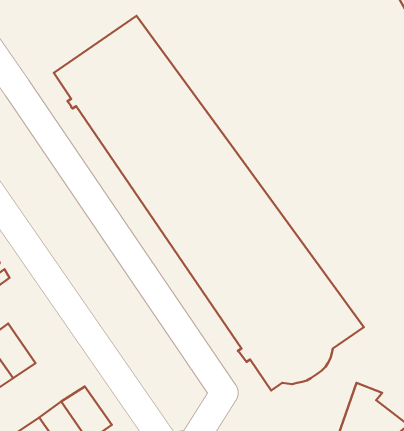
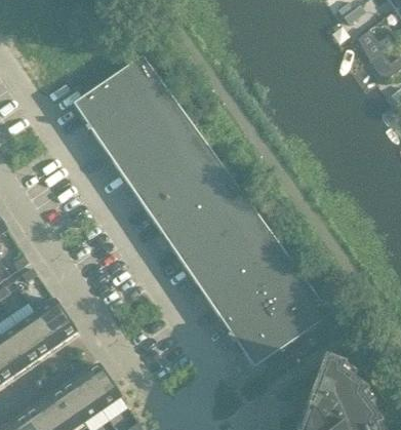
building: none -> [36,298,77,344]

